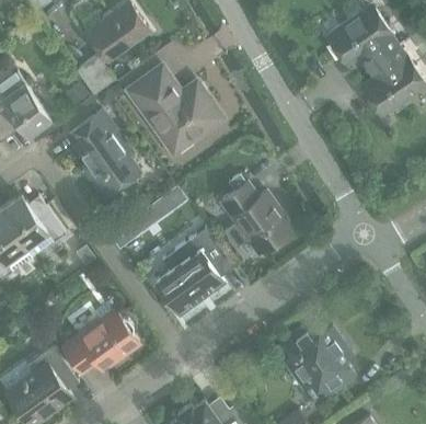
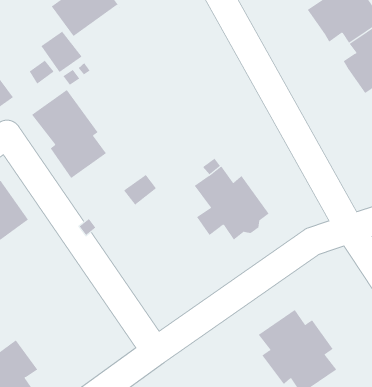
building: [127,68,220,153] -> none
building: [153,229,232,316] -> none
building: [61,303,138,374] -> none

